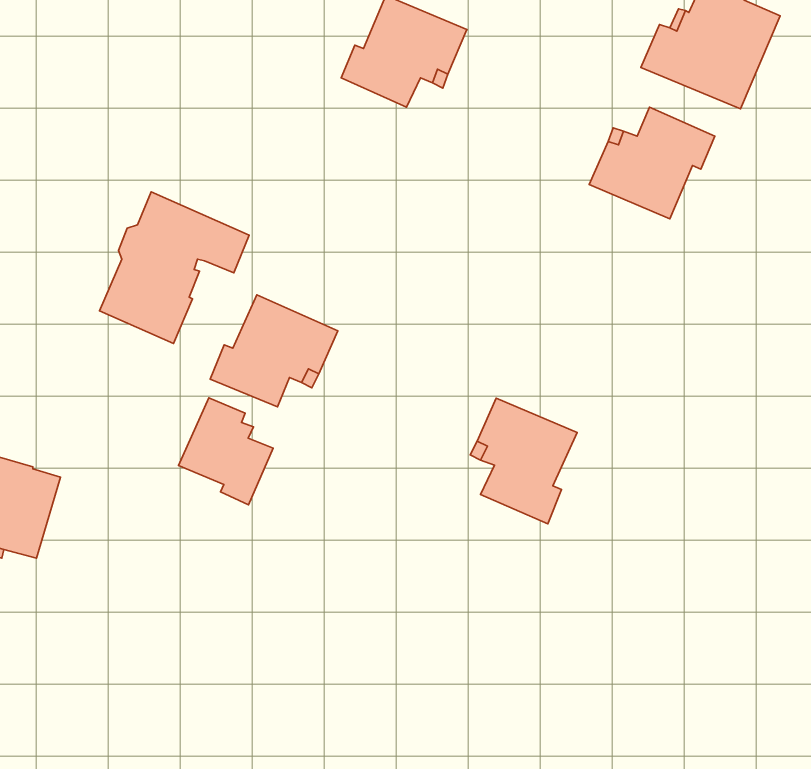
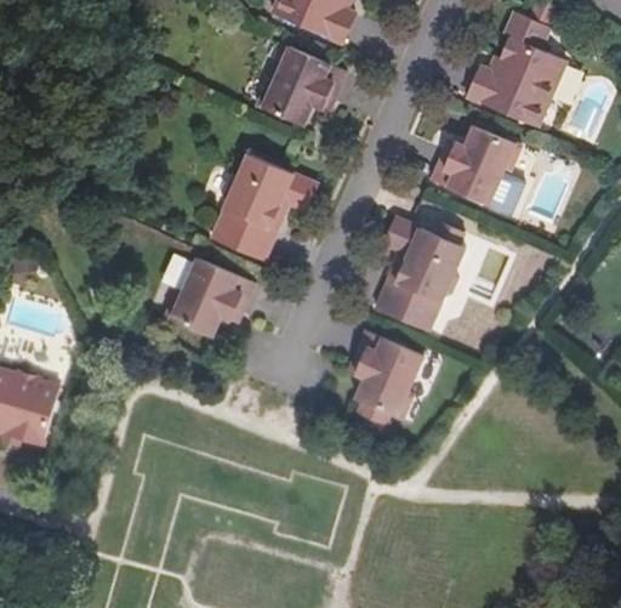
building: [99,192,249,343] -> [211,153,317,260]
building: none -> [375,217,463,331]
building: [179,398,273,505] -> none

